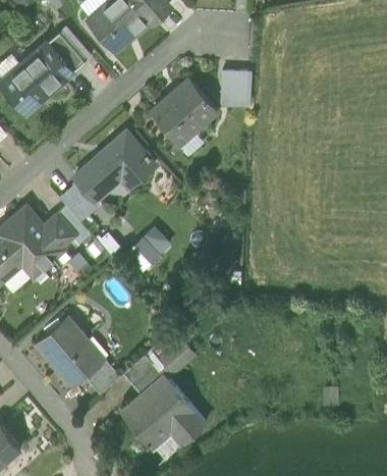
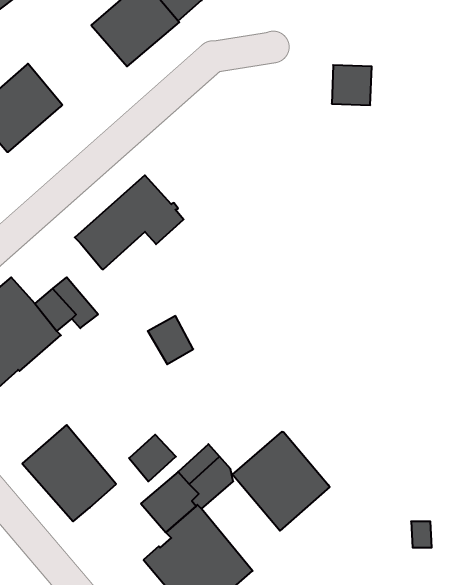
building: [40,32,86,80] -> none
building: [222,70,252,100] -> [332,65,372,105]
building: [153,78,218,144] -> none
building: [60,181,99,221] -> none
building: none -> [232,432,330,531]
building: [86,360,120,394] -> [129,435,176,481]

